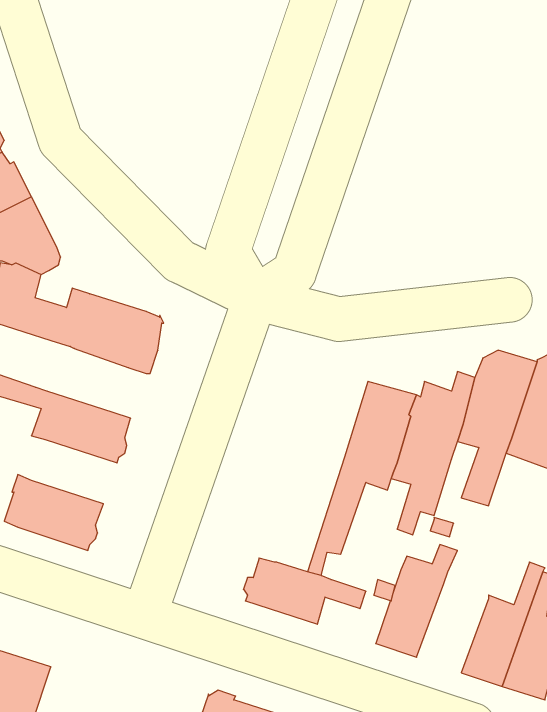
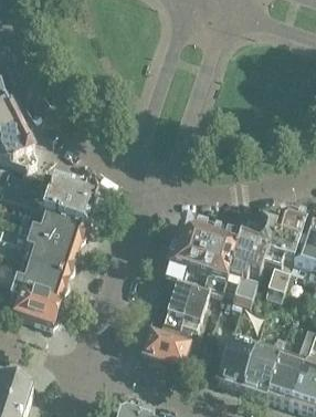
building: none -> [23,205,86,249]
building: none -> [160,220,212,336]
building: none -> [13,259,70,298]
building: none -> [240,336,284,394]

